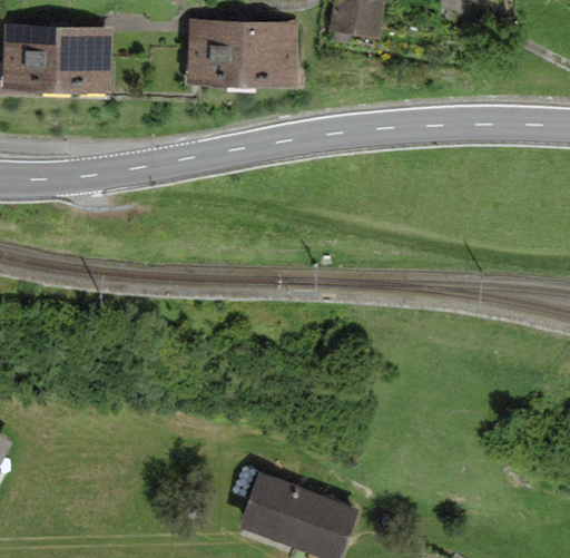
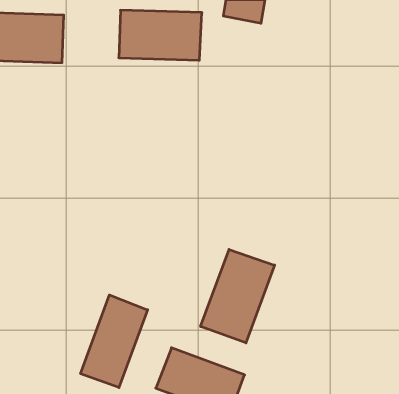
building: none -> [201,249,275,343]
building: none -> [81,295,148,388]

